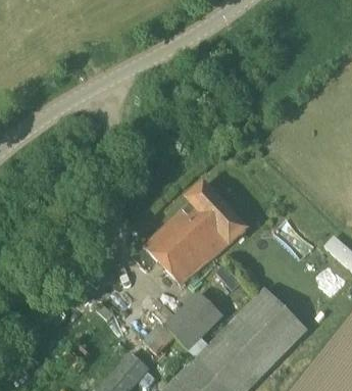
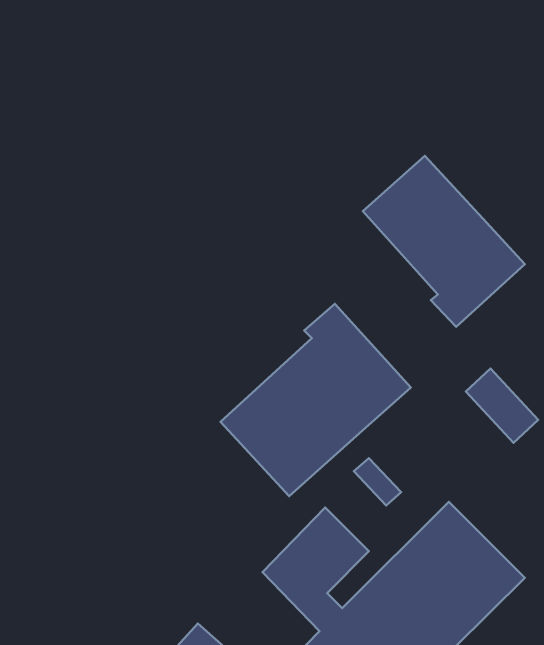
building: none -> [363,156,525,327]

